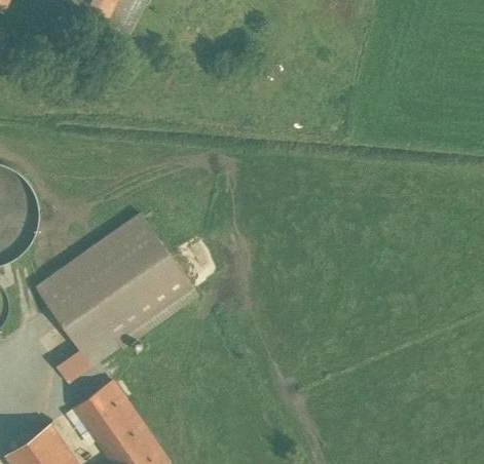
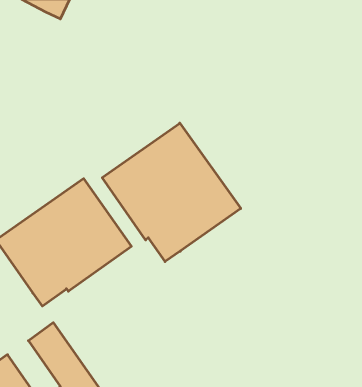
building: none -> [102,123,241,262]
building: [57,349,91,381] -> none

